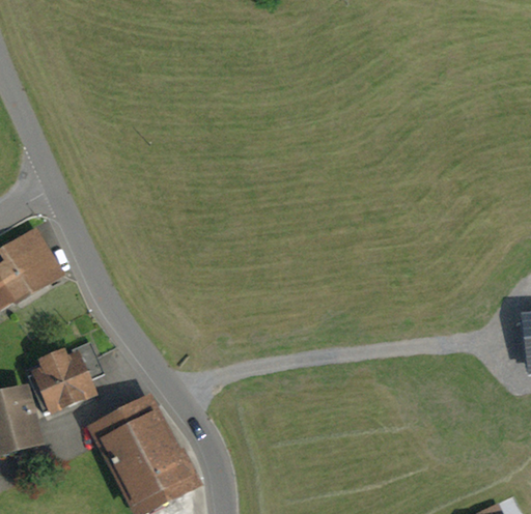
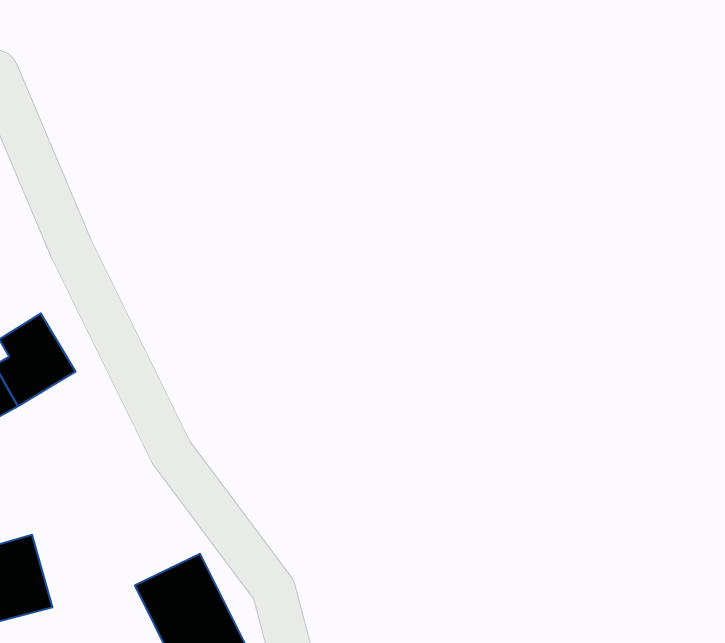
building: [34,356,93,411] -> none

